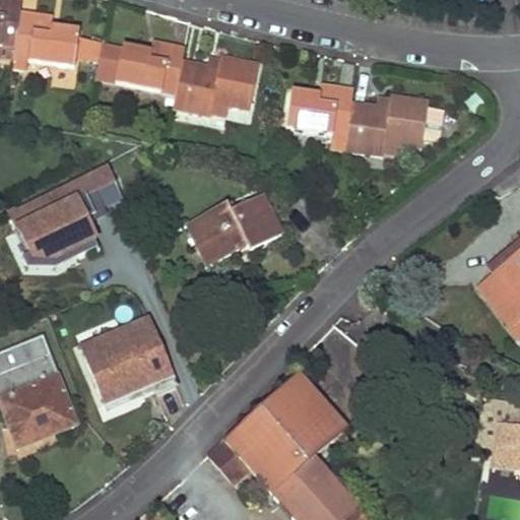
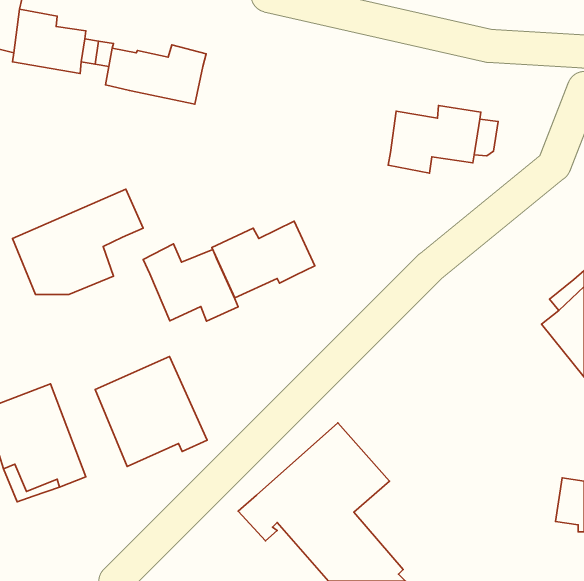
building: [171,55,257,113] -> none
building: [284,83,352,135] -> none
building: none -> [143,244,238,321]

